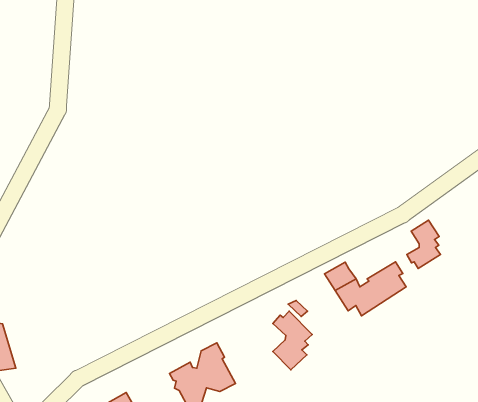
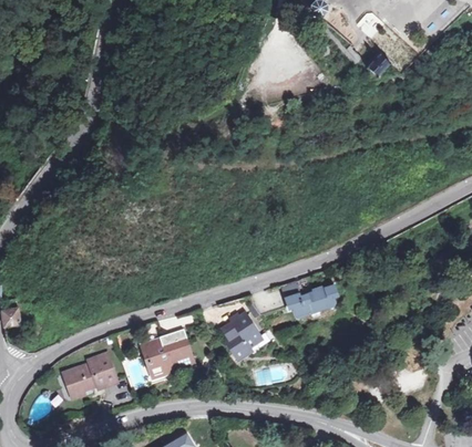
building: [407,220,440,269] -> none

